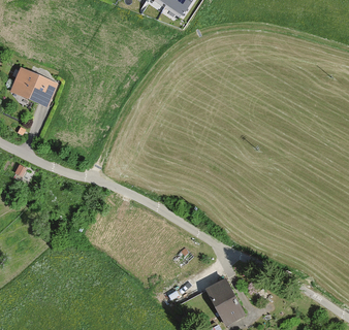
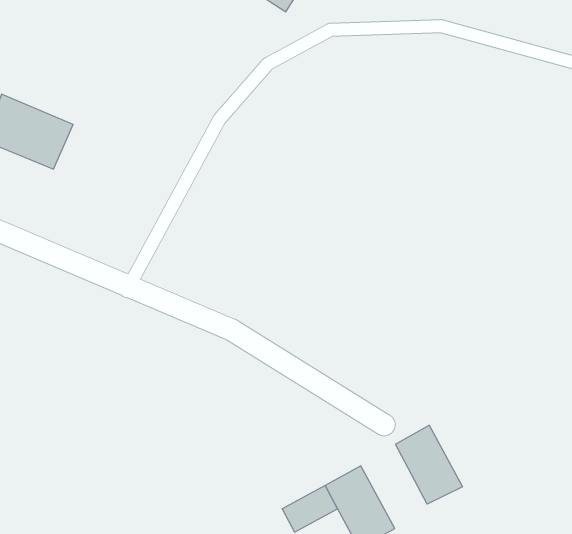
building: none -> [396,425,463,504]

